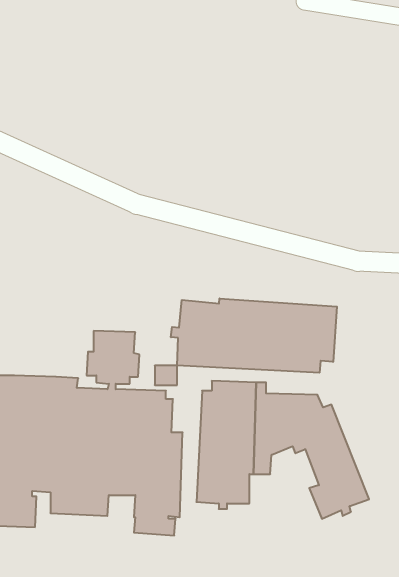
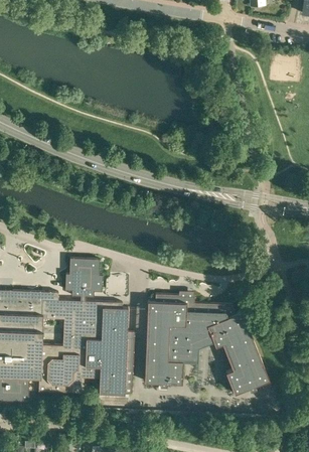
building: [171,298,337,373] -> none

